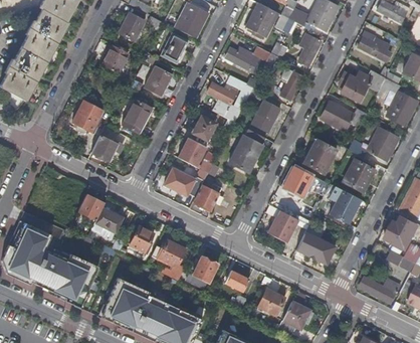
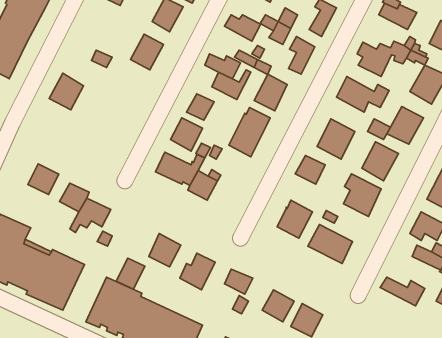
building: [97,43,125,72] -> none
building: [120,100,150,133] -> none
building: [86,132,114,159] -> [28,164,59,195]
building: [128,226,153,253] -> [116,258,145,289]

